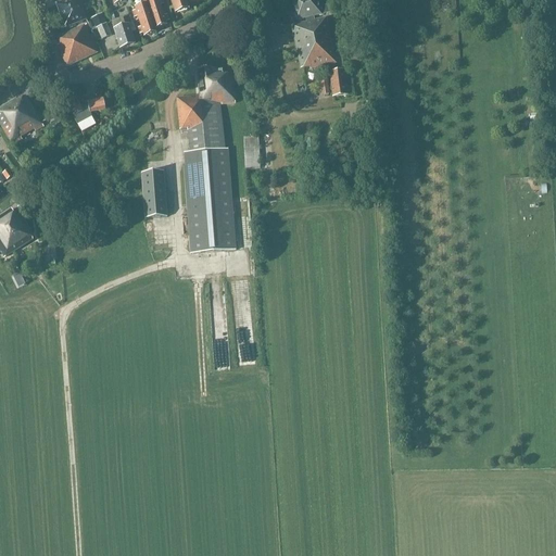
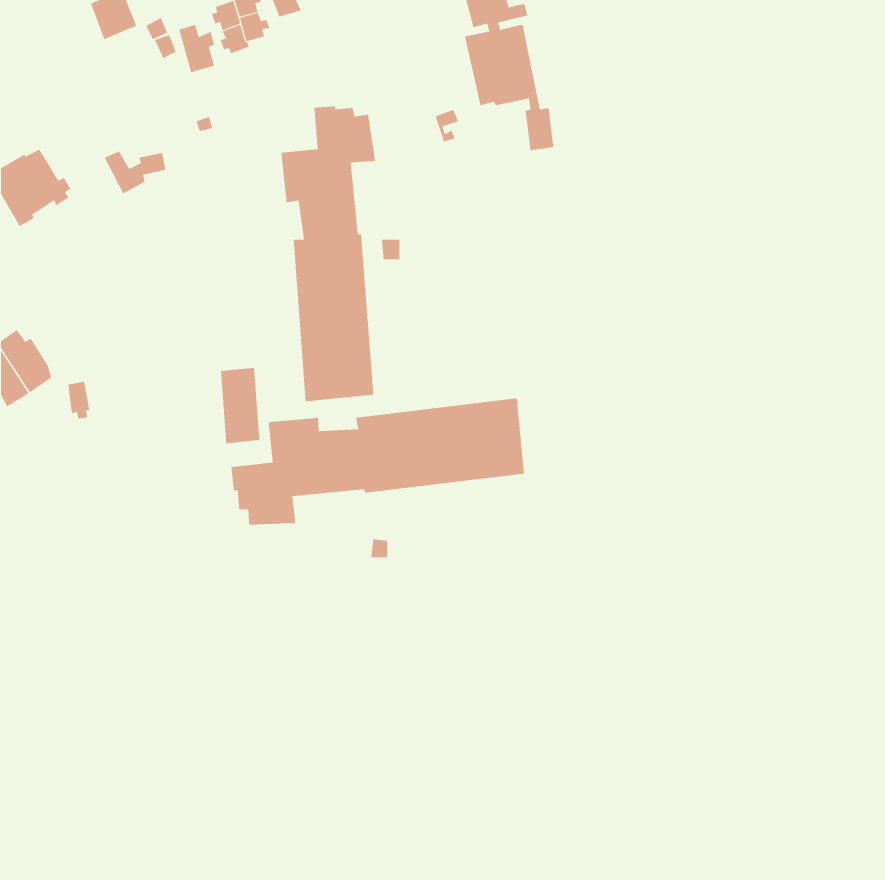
building: [56,23,97,64] -> none
building: [141,168,166,216] -> [220,367,260,444]
building: none -> [231,397,525,525]

